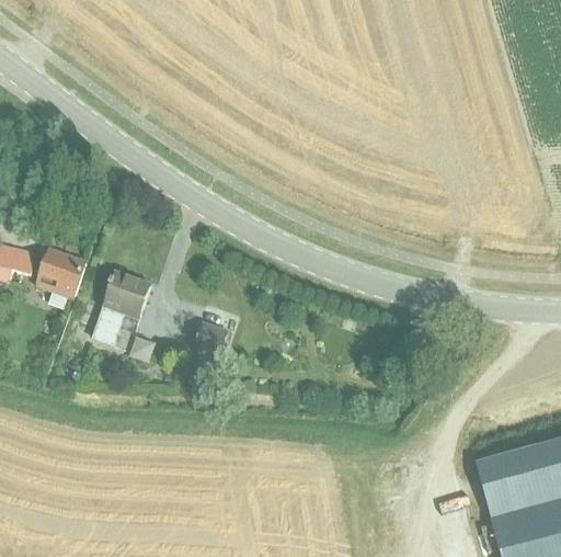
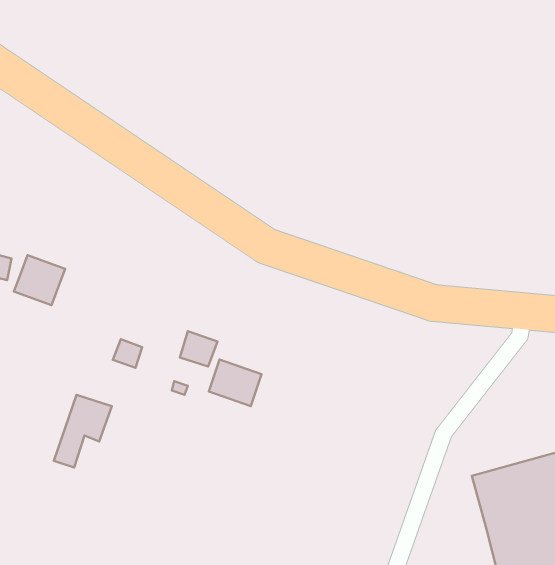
building: [93,273,149,343] -> [54,395,112,467]
building: none -> [209,360,261,406]

